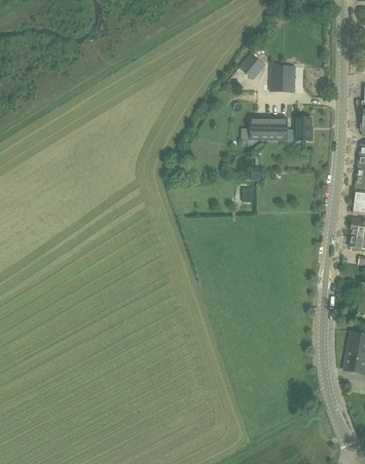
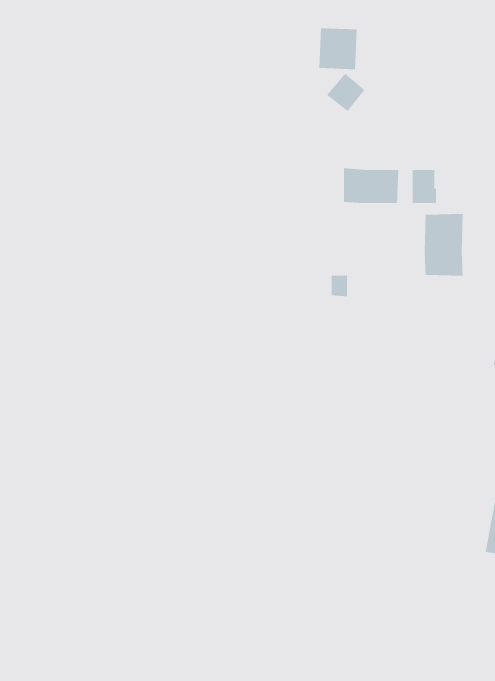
building: [268,65,294,92] -> [318,28,357,70]
building: none -> [424,213,463,277]

